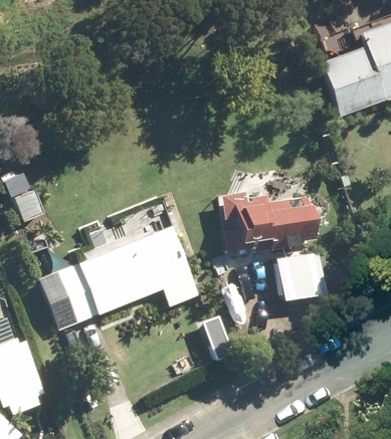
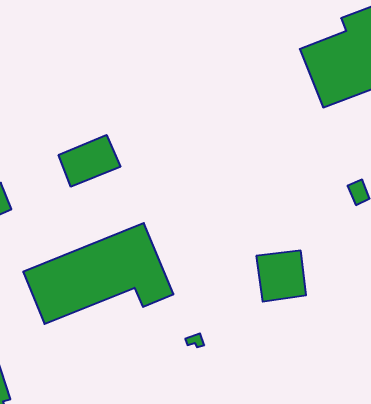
building: none -> [59,135,120,187]
building: [220,192,314,256] -> none

